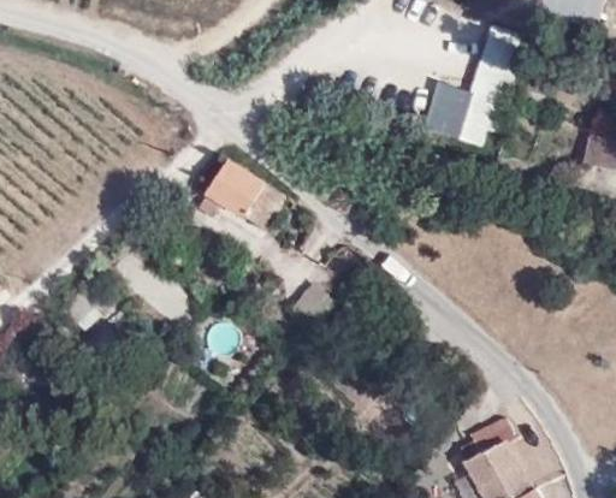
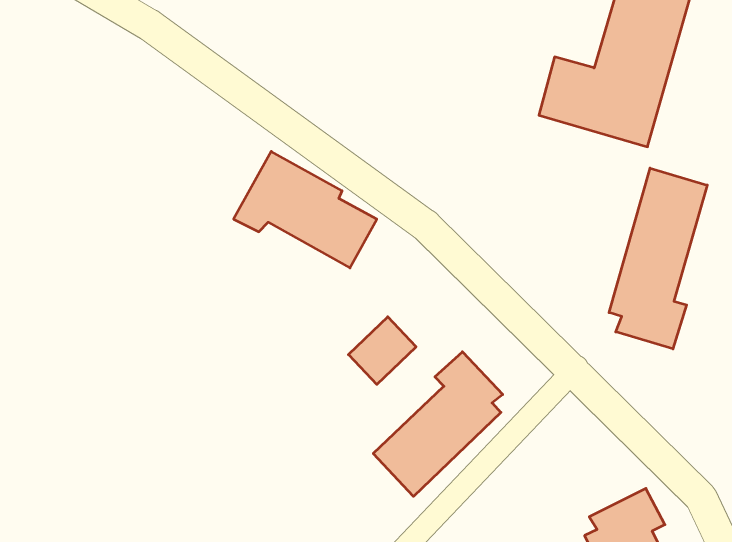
building: none -> [609,168,707,349]
building: none -> [373,352,503,496]

